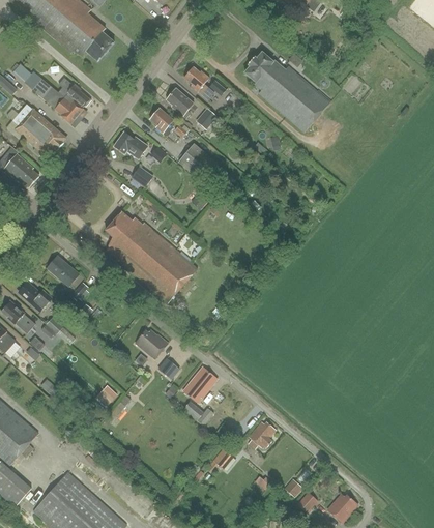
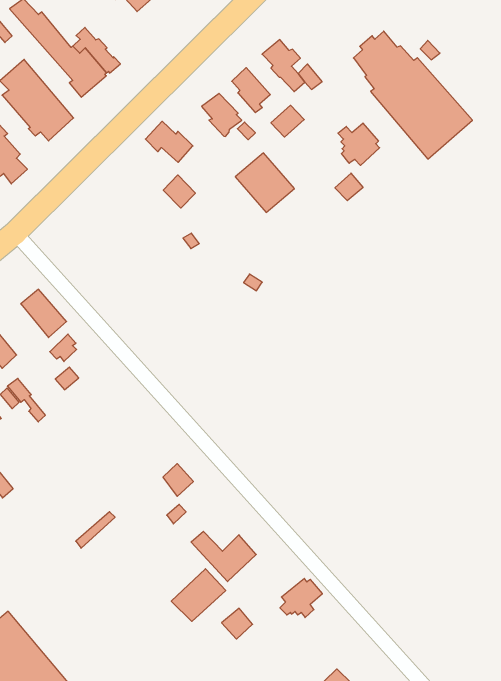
building: none -> [338,123,380,165]
building: [106,210,198,301] -> none
building: [135,329,168,358] -> none
building: [182,365,218,402] -> [171,569,226,621]

